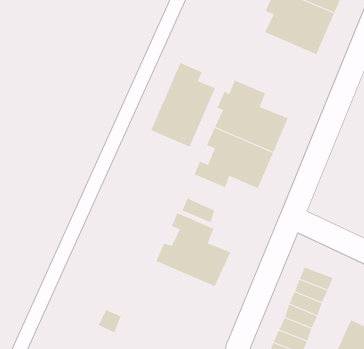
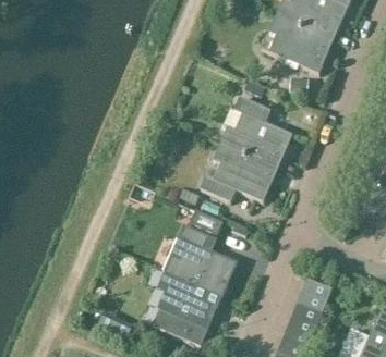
building: [151,62,216,148] -> none
building: none -> [153,271,221,345]

